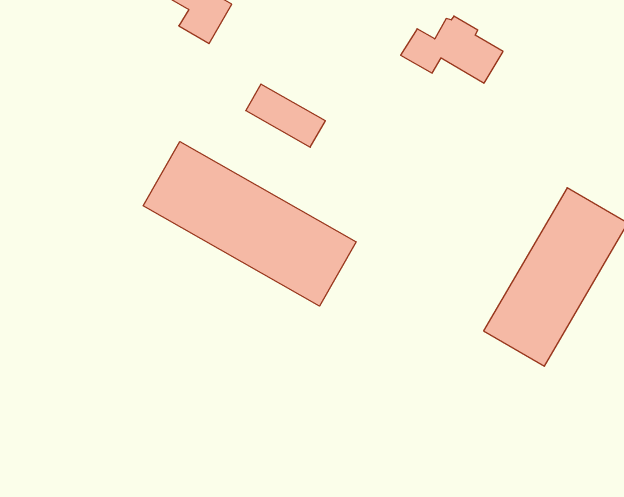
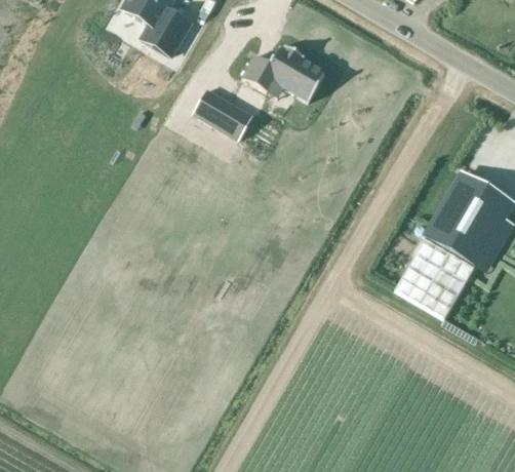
building: [401,16,503,83] -> [241,46,324,101]
building: [143,142,356,306] -> none

